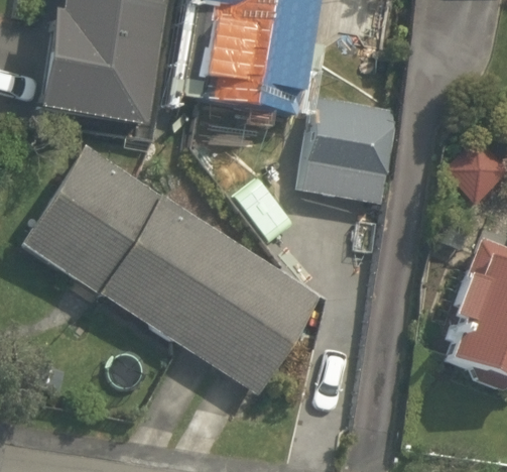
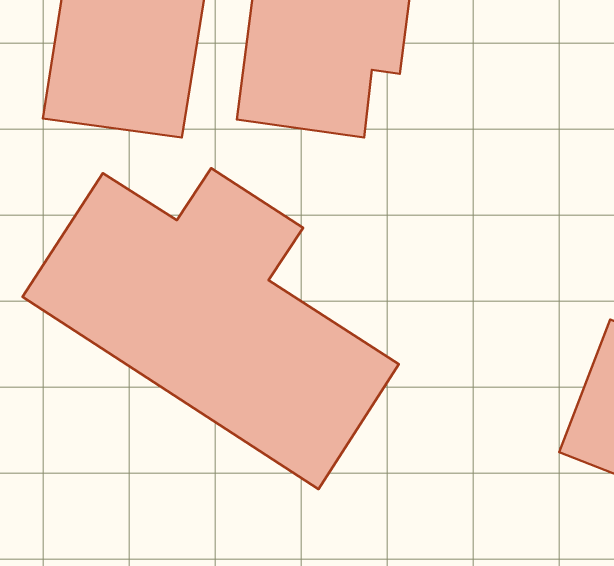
building: [303,92,400,199] -> none

